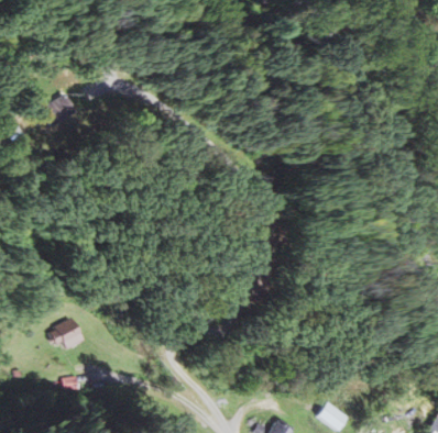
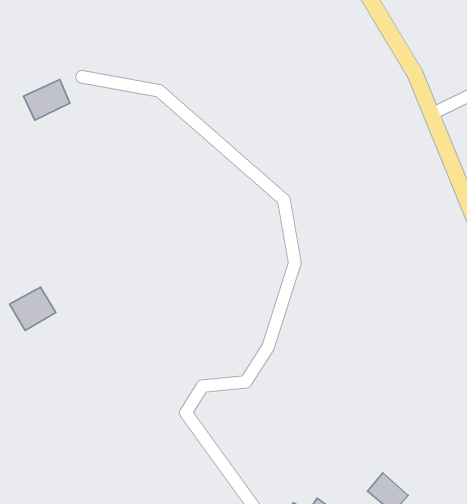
building: [46,318,83,352] -> [10,287,56,331]

